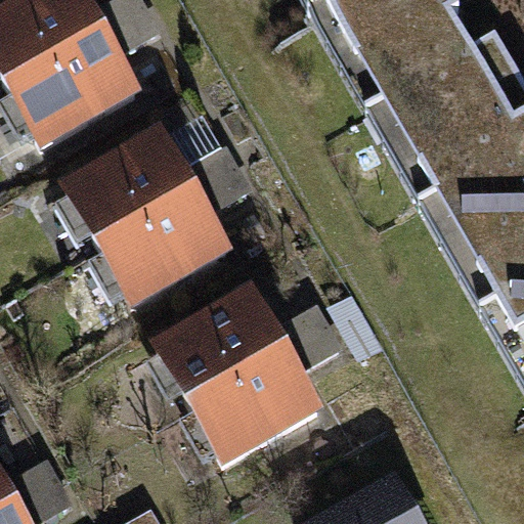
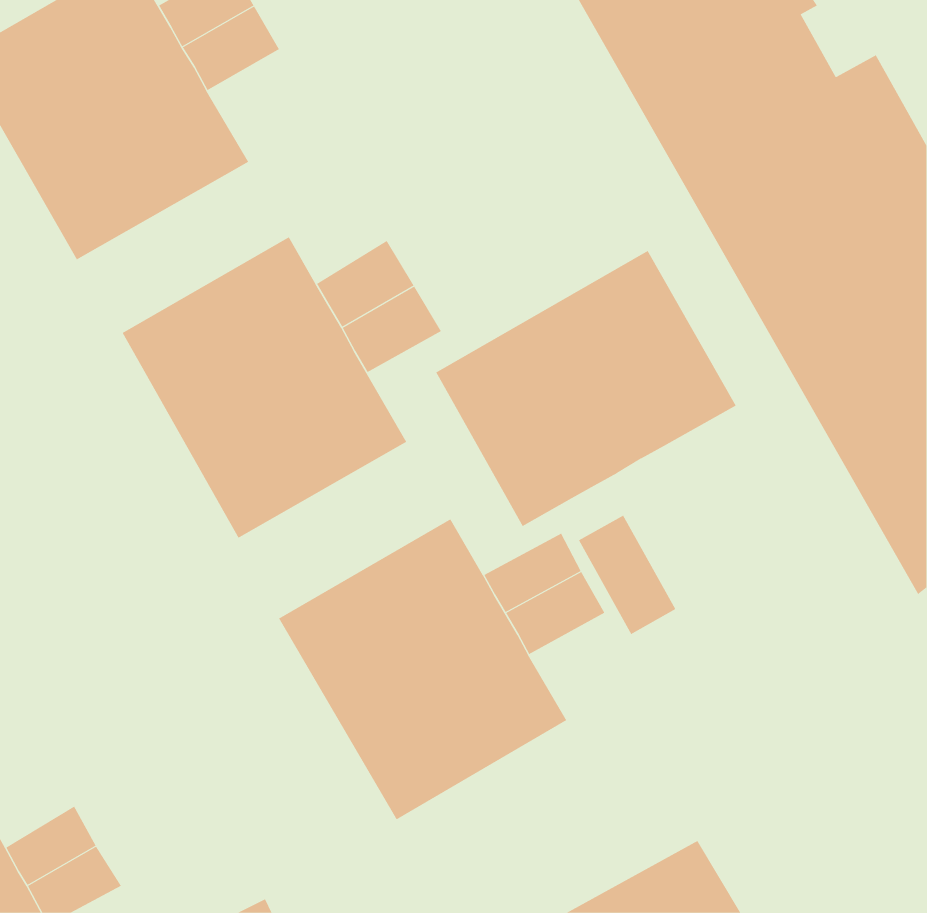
building: none -> [435,250,736,527]

